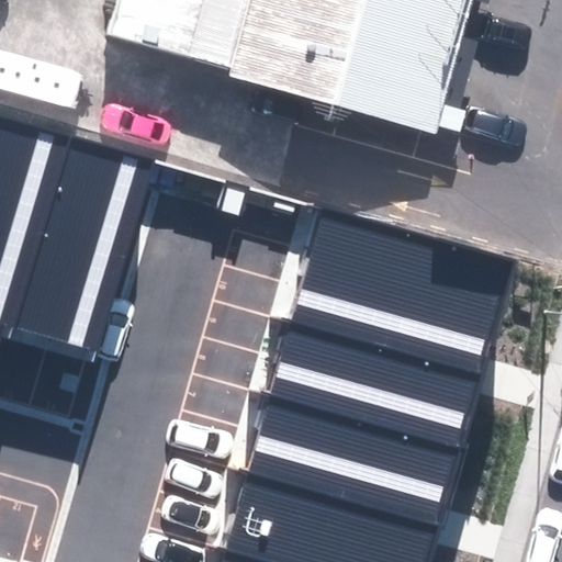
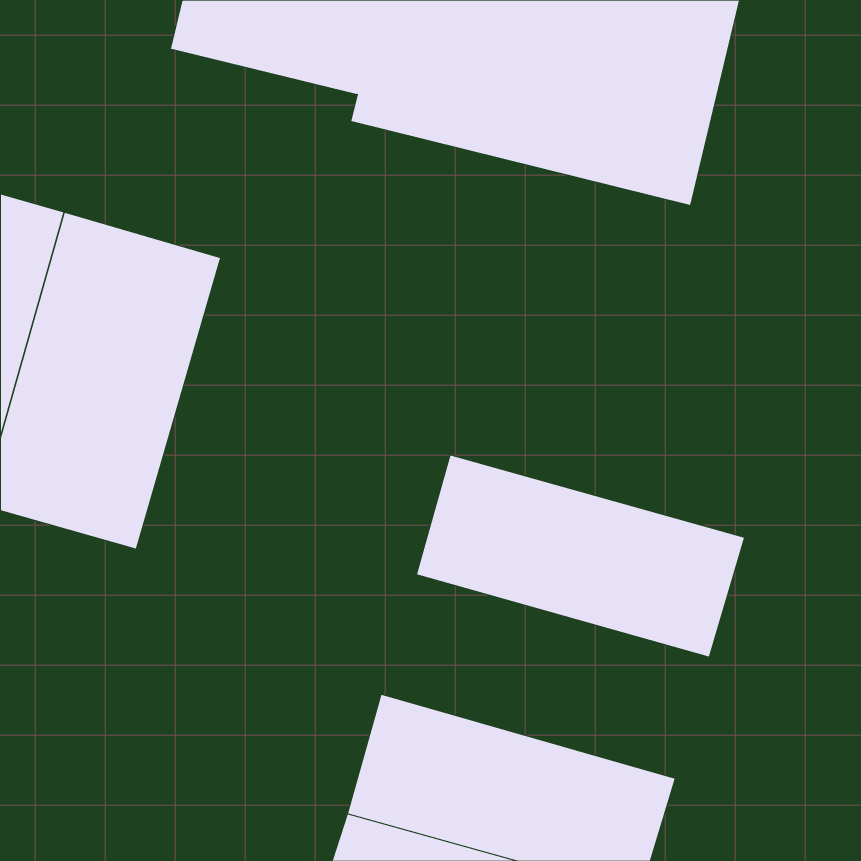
building: [293,217,507,350] -> none
building: [248,374,462,507] -> none

